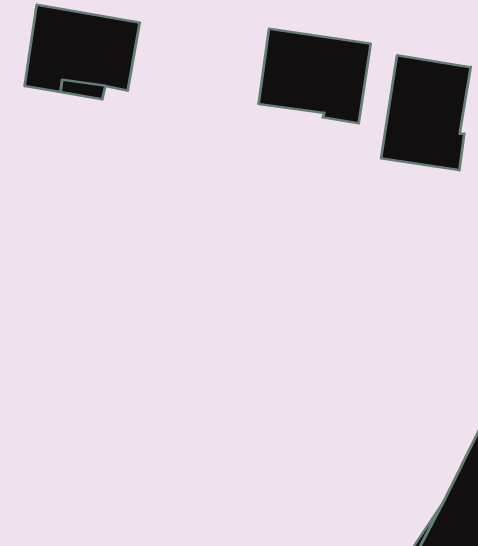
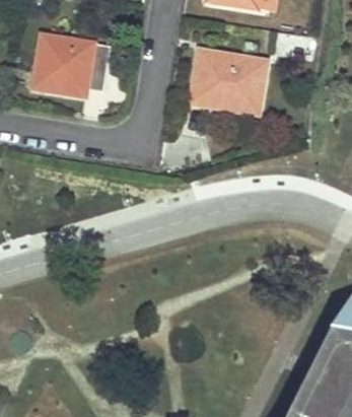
building: [381,55,471,170] -> none

